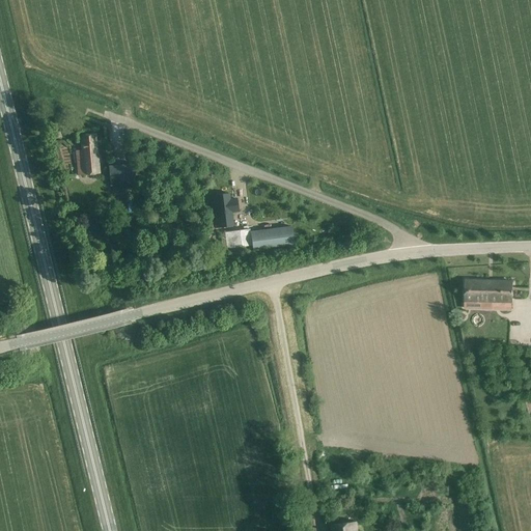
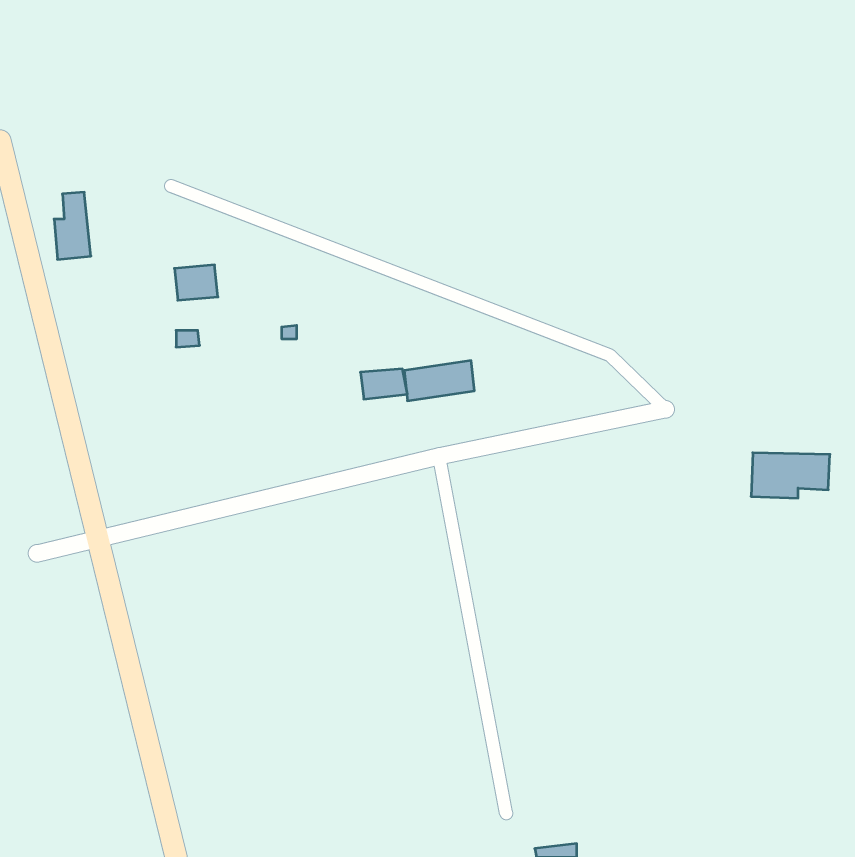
building: [77,134,100,175] -> [54,192,91,259]
building: [214,194,240,228] -> none

